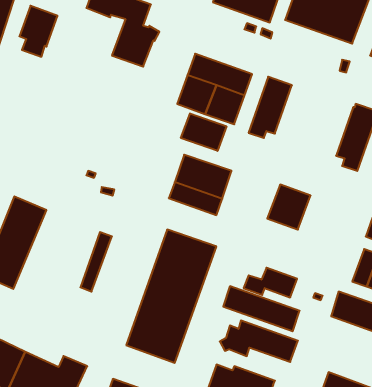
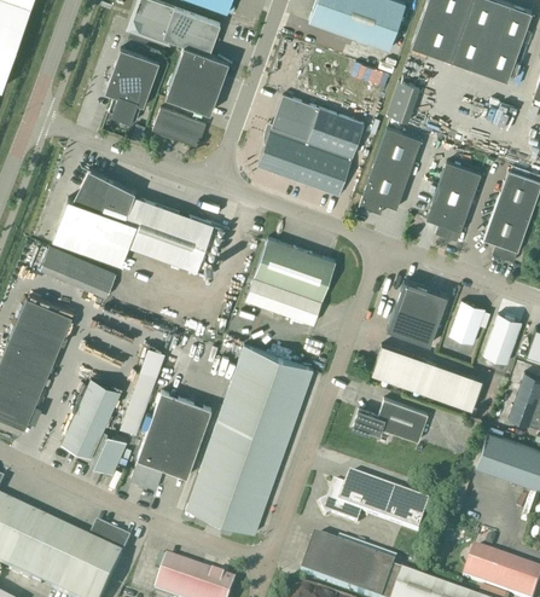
building: [19,6,58,57] -> [104,50,158,122]
building: none -> [387,82,419,123]
building: none -> [151,109,205,147]
building: none -> [425,163,480,242]
building: none -> [52,170,213,272]
building: [181,113,226,151] -> none
building: none -> [39,247,116,298]
building: none -> [448,302,484,344]
building: none -> [483,315,521,364]
building: none -> [60,379,126,476]
building: none -> [130,392,211,491]
building: [223,286,300,331] -> [372,346,481,410]

